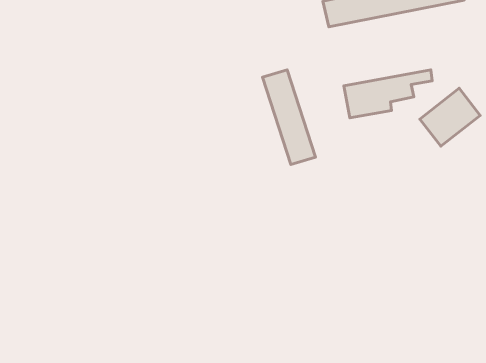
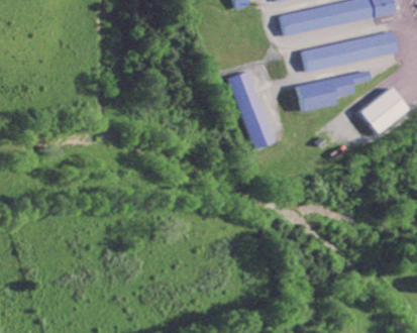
building: none -> [302,33,398,71]

